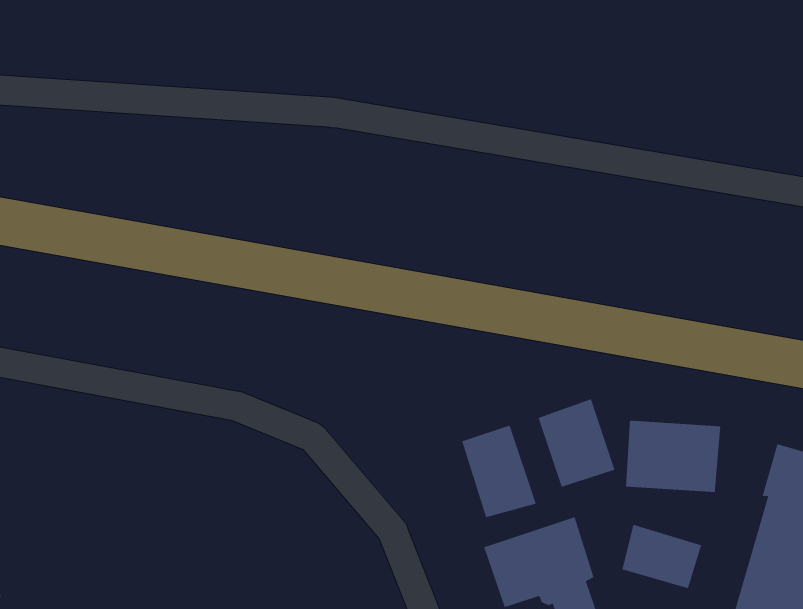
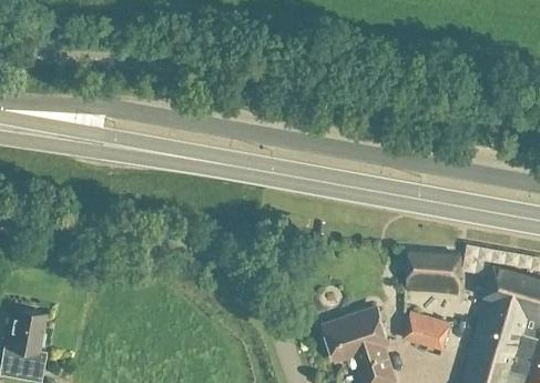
building: [537,398,615,488] -> none
building: [461,424,537,518] -> none

